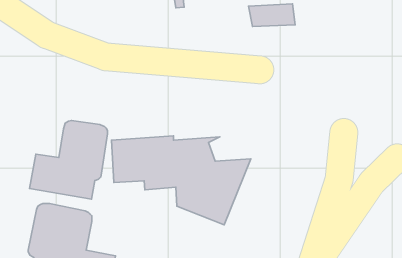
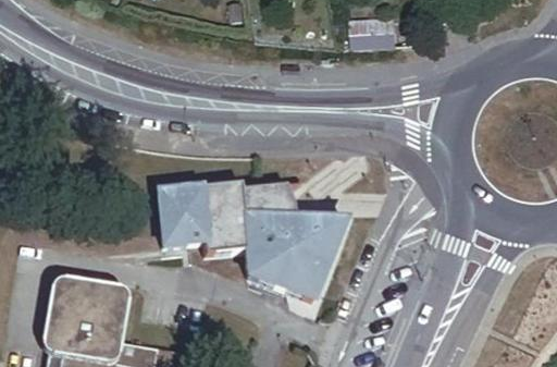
building: [29,121,108,199] -> none

